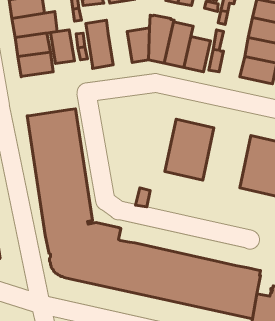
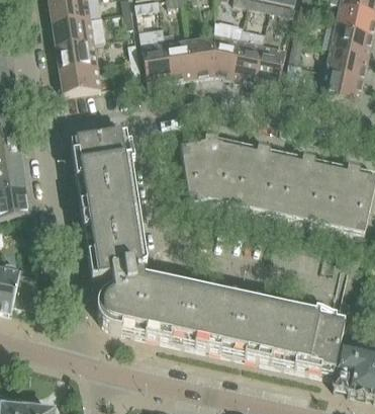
building: [50,30,74,64] -> [165,37,193,77]
building: none -> [179,135,245,202]
building: none -> [276,151,333,222]

